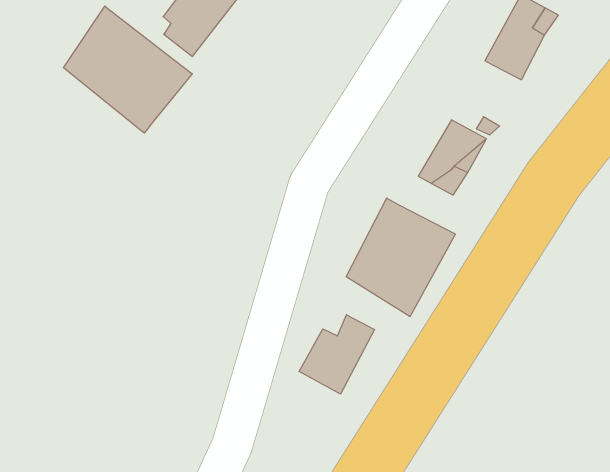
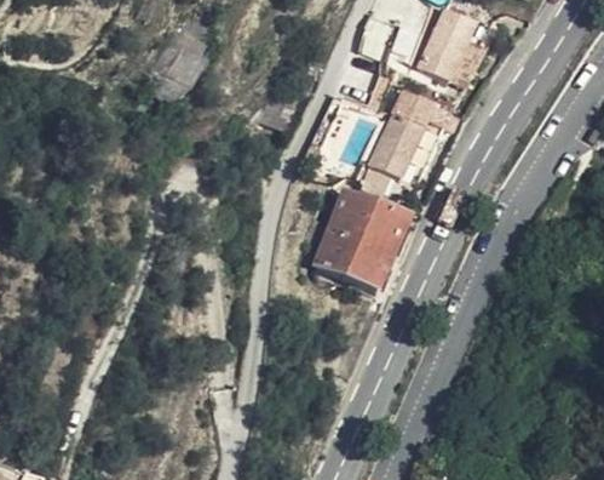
building: [63,6,192,133] -> none
building: [299,315,374,394] -> none

